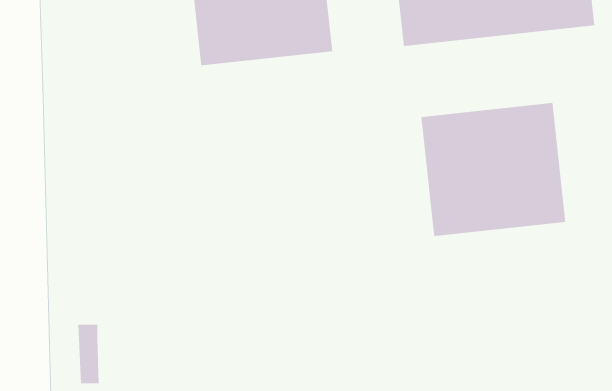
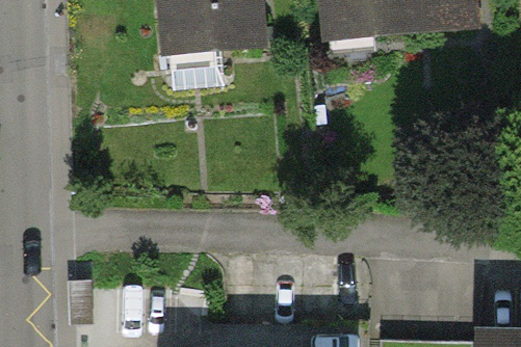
building: [421,102,566,237] -> none

